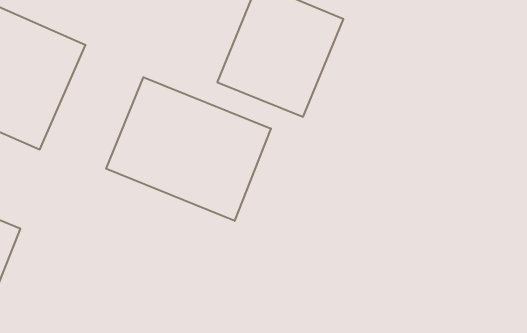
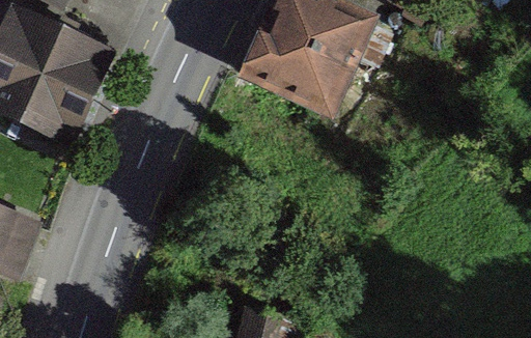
building: [106,77,271,221] -> none

